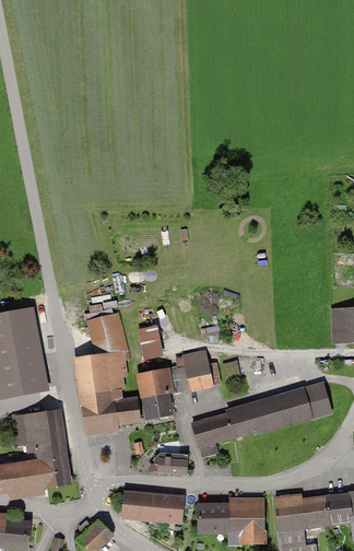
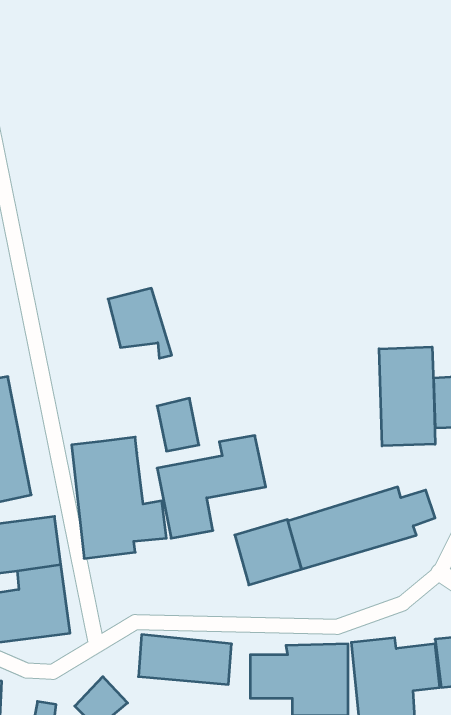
building: none -> [379,347,435,446]
building: [85,312,130,361] -> [108,288,172,358]
building: [157,456,190,477] -> none

